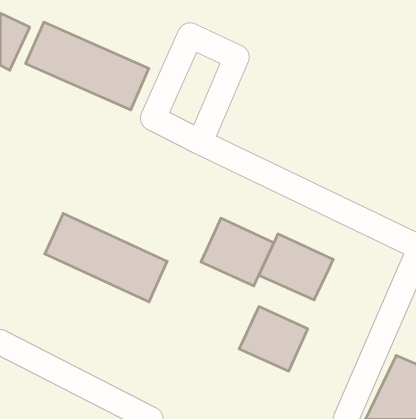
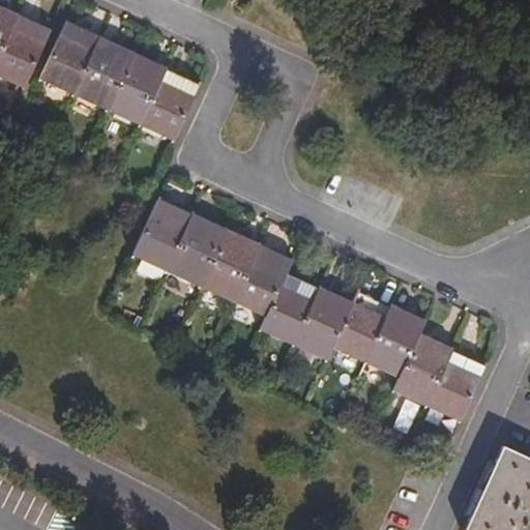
building: [45,213,167,302] -> [136,204,289,315]
building: [239,307,308,371] -> [395,336,481,417]

